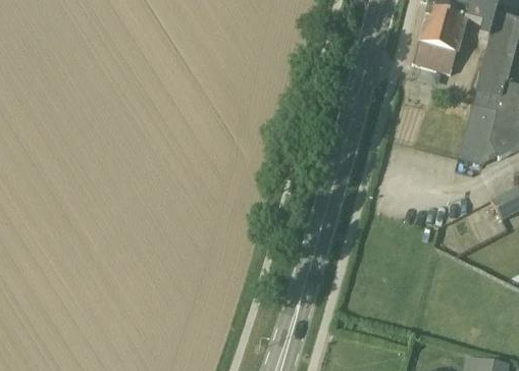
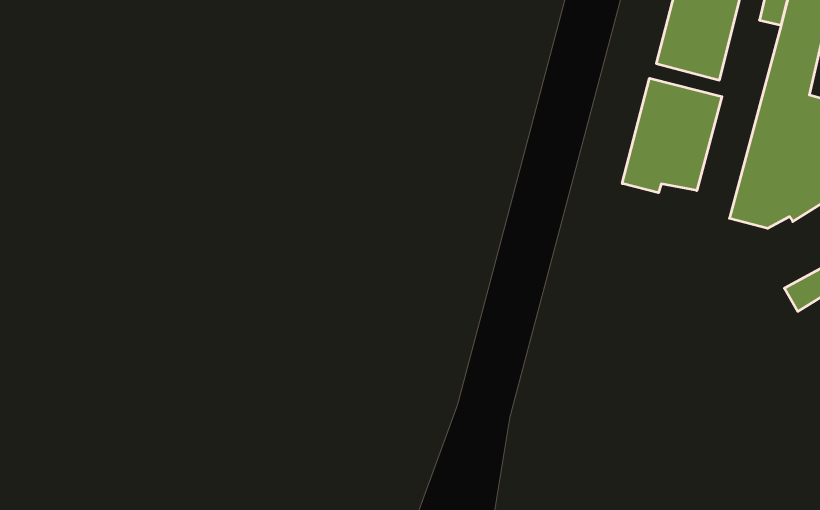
building: none -> [622,78,722,193]

